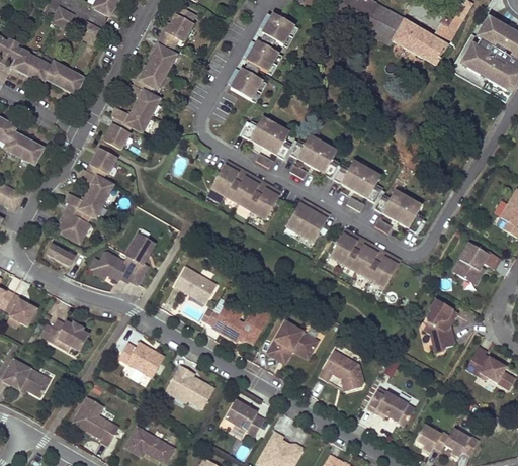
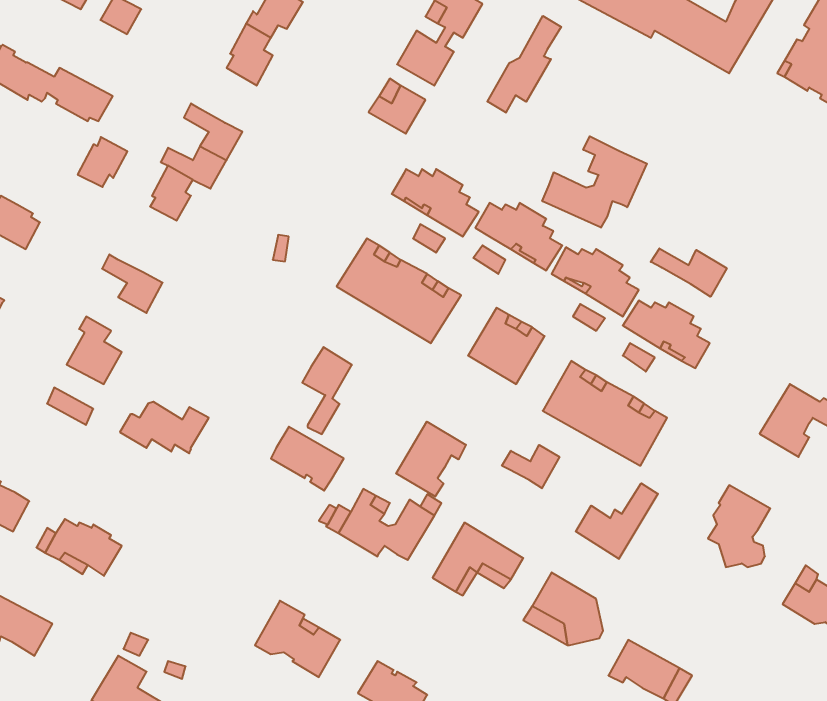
building: none -> [487,16,561,113]
building: [134,62,166,93] -> none
building: none -> [542,136,647,228]
building: [87,150,115,178] -> [78,137,127,187]
building: none -> [651,248,727,297]
building: [65,192,103,217] -> none
building: [125,234,154,283] -> [302,347,352,434]
building: none -> [396,422,466,497]
building: none -> [502,445,559,488]
building: none -> [576,483,658,559]
building: [117,341,164,377] -> none

